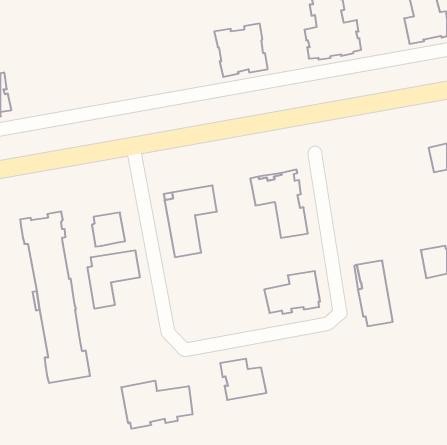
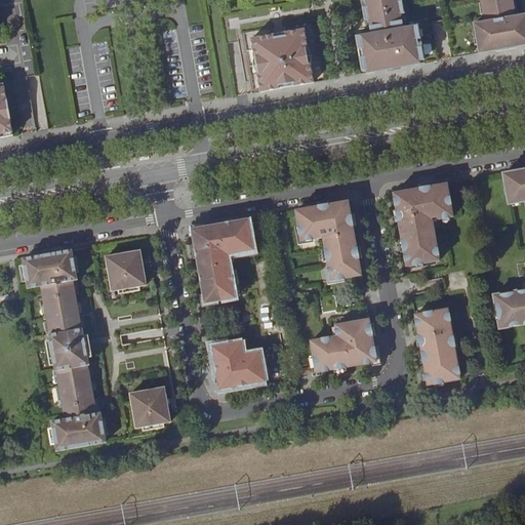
building: none -> [394,181,452,264]
building: [88,250,140,309] -> none
building: none -> [130,387,170,427]
building: [220,359,266,400] -> [212,339,267,388]
building: [121,381,193,429] -> none

